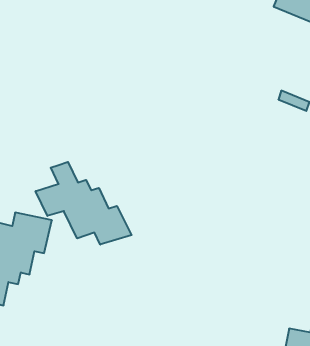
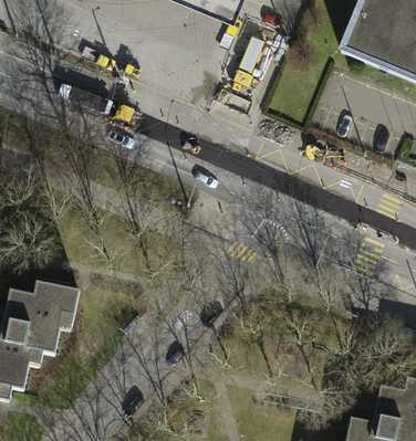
building: [36,162,132,245] -> none

